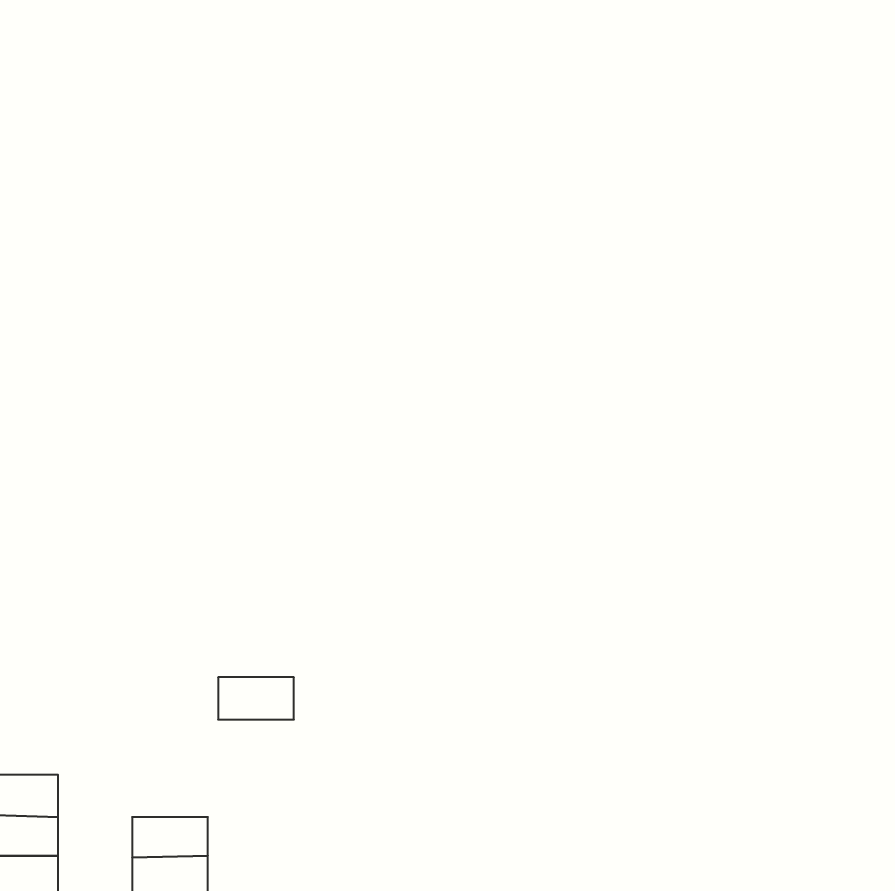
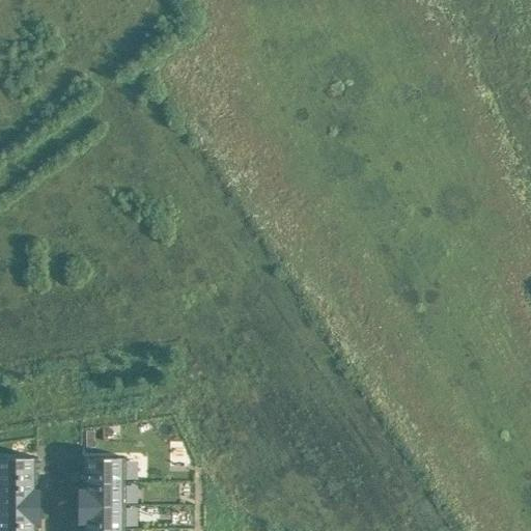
building: [218,677,294,720] -> [78,462,122,486]

